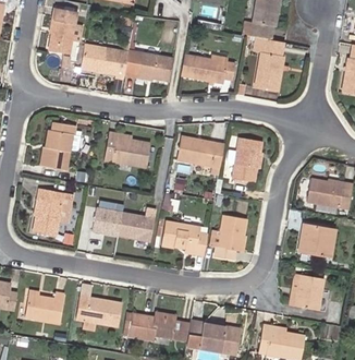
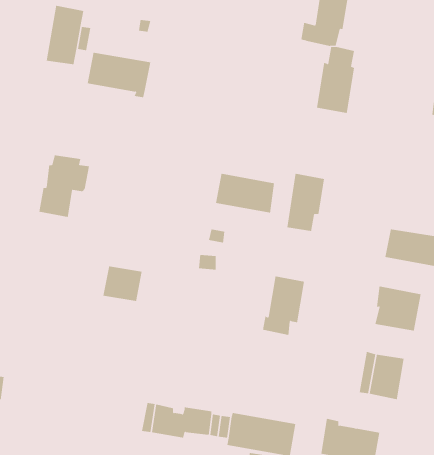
building: [124,50,173,81] -> none
building: [181,55,235,83] -> none
building: [105,132,150,167] -> none
building: [33,188,63,236] -> none
building: [118,212,154,241] -> none
building: [162,220,207,255] -> none
building: [25,292,64,323] -> none
building: [75,296,122,326] -> none

